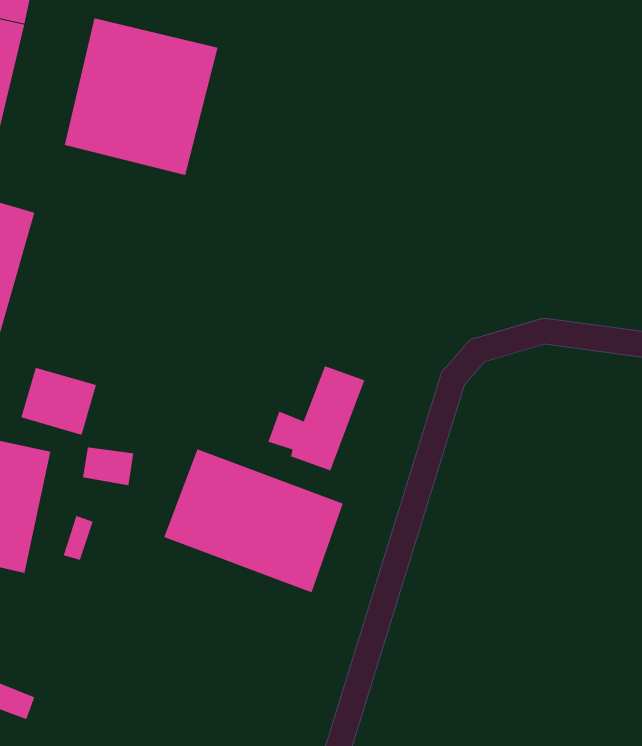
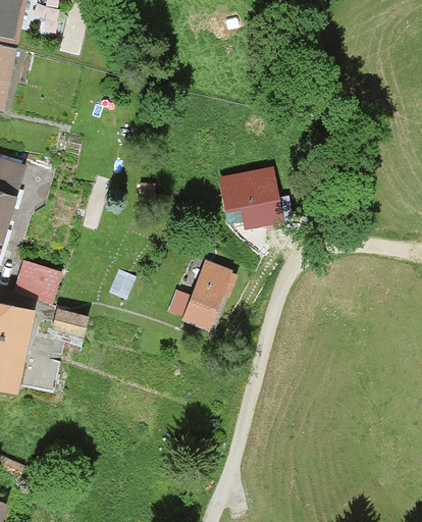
building: [64,18,218,176] -> none
building: none -> [221,168,282,225]
building: [164,448,343,593] -> none

